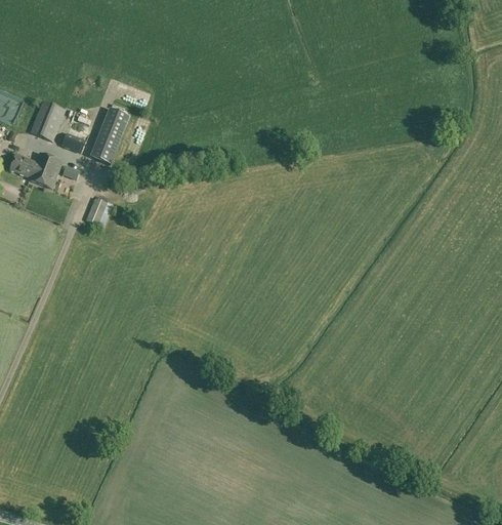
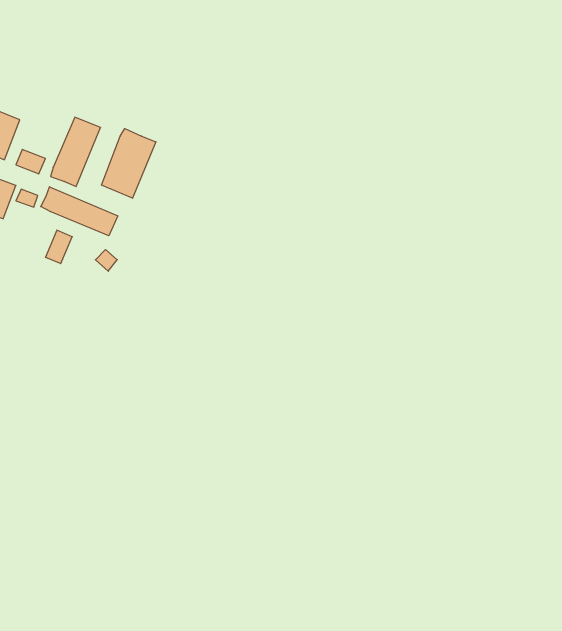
building: none -> [101,129,156,198]
building: none -> [41,187,118,236]

